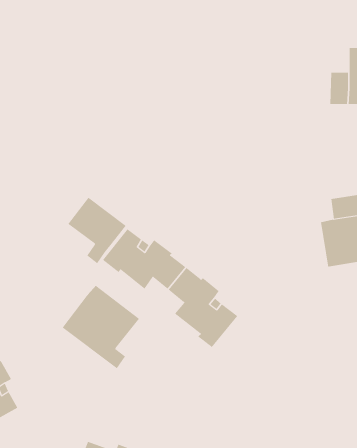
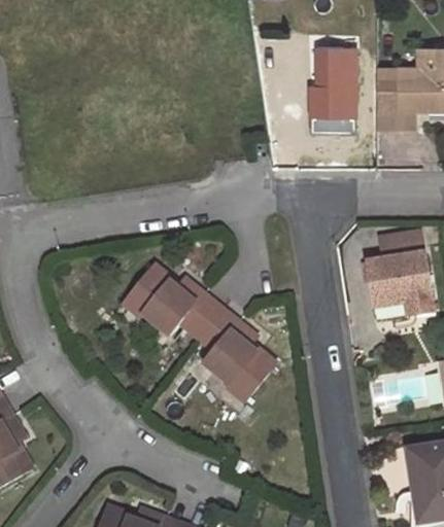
building: none -> [310,46,356,134]
building: [67,197,126,264] -> none
building: [62,285,140,369] -> none

